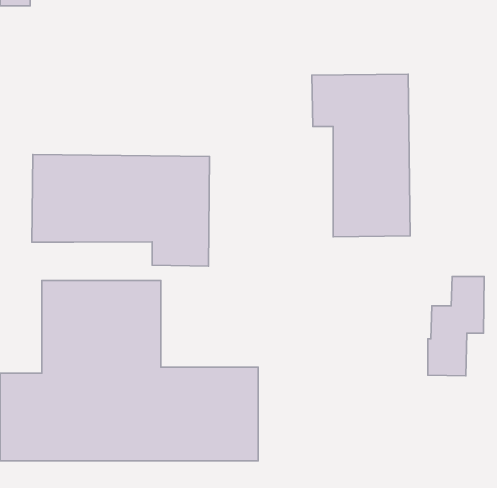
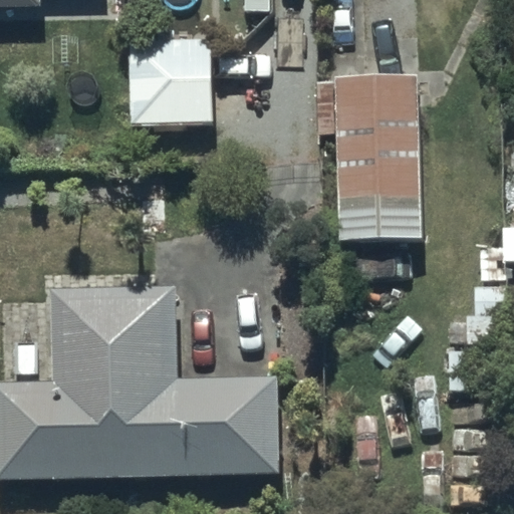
building: none -> [120,37,210,124]
building: [32,155,209,266] -> none

